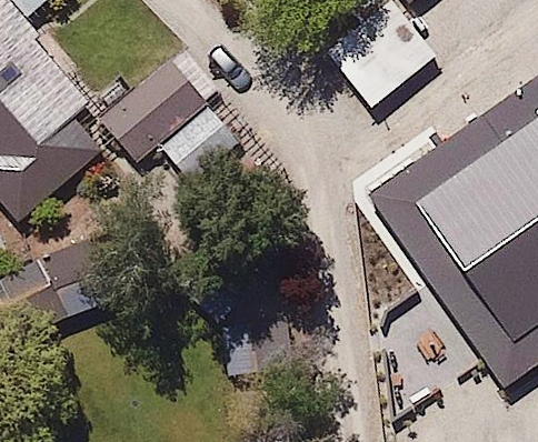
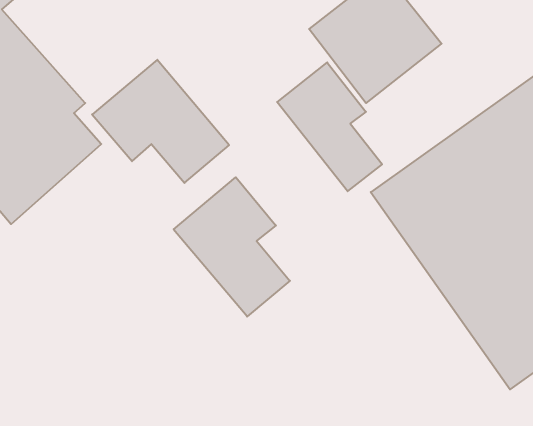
building: none -> [277,62,382,191]
building: none -> [174,177,290,317]

